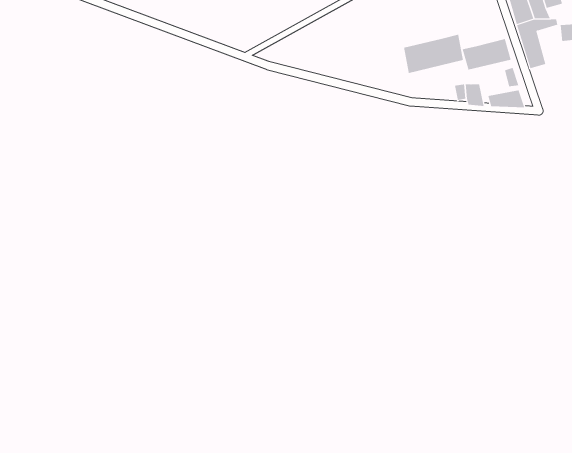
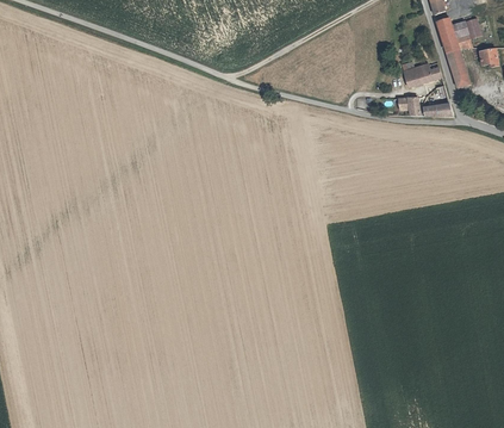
building: [403,34,464,74] -> none

